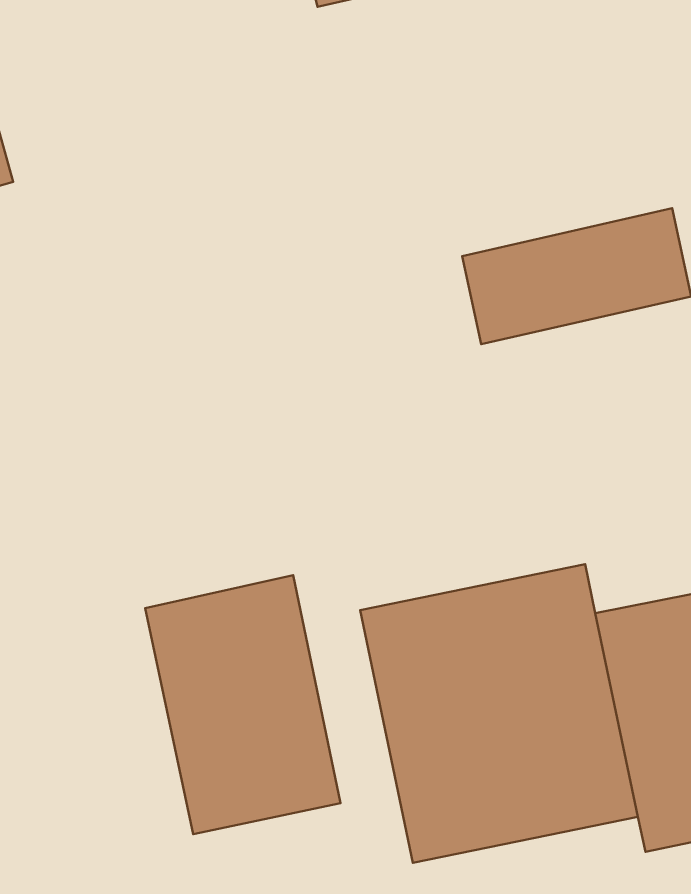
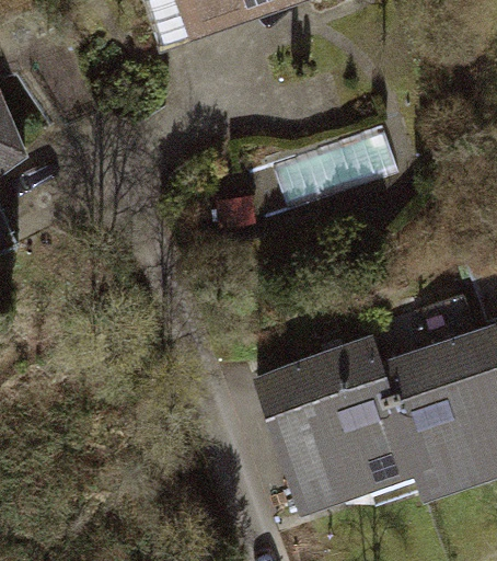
building: [145,575,340,834] -> none

